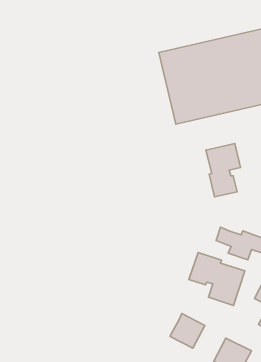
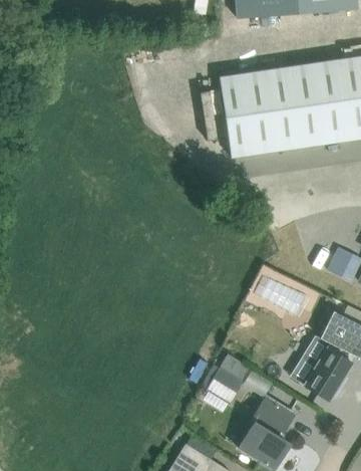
building: [206,143,240,197] -> none
building: [189,252,245,306] -> none

